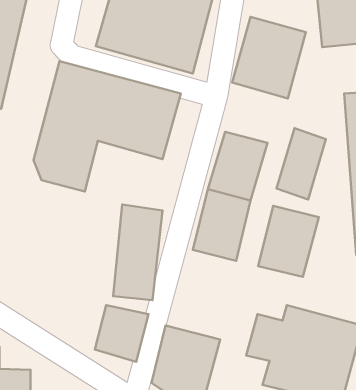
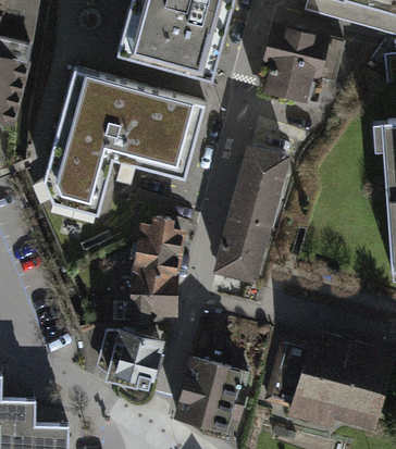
building: [276,128,326,199] -> none
building: [258,206,319,277] -> none

